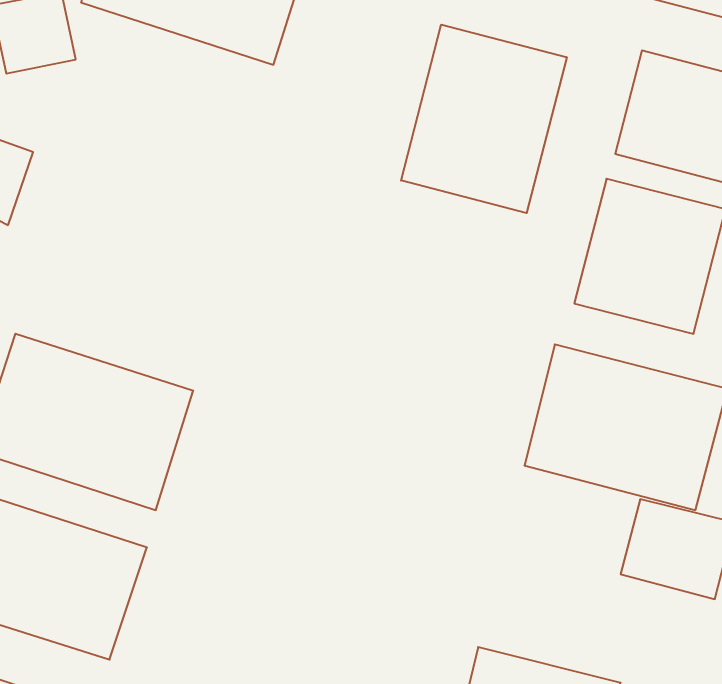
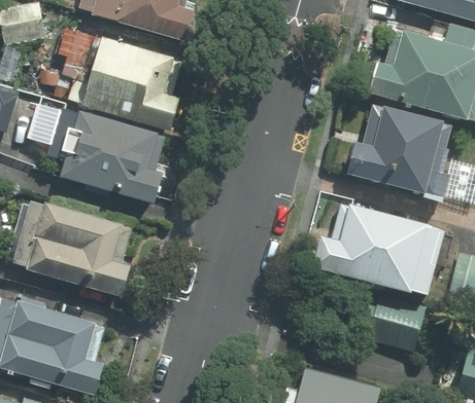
building: [401,25,567,213] -> none
building: none -> [71,35,180,124]
building: none -> [37,108,156,202]

